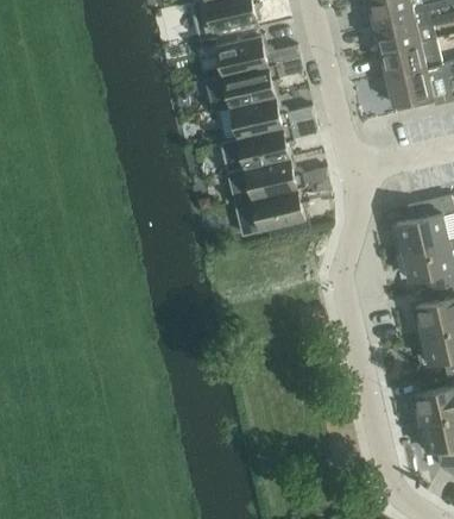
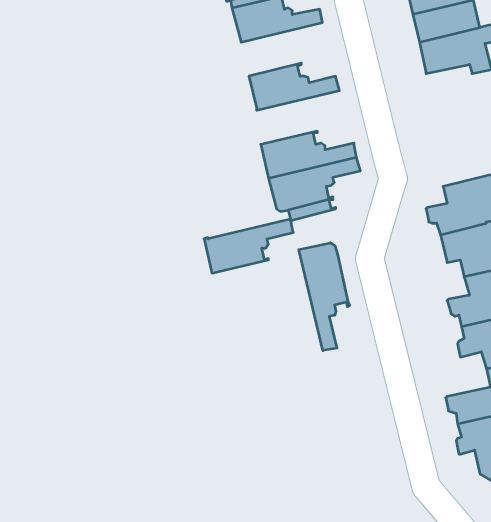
building: [222,58,299,107] -> none
building: [233,120,314,169] -> [204,219,293,273]
building: none -> [299,243,350,351]

